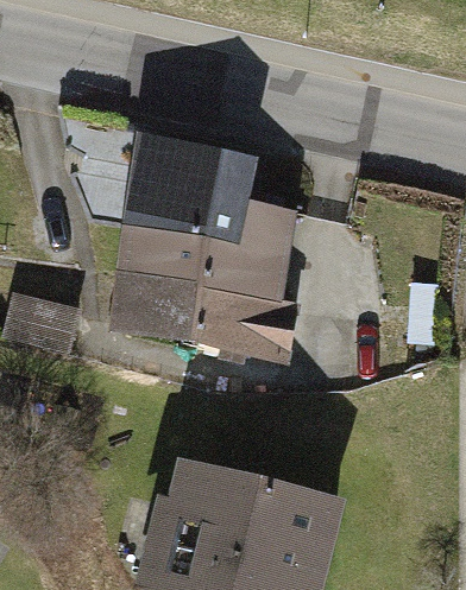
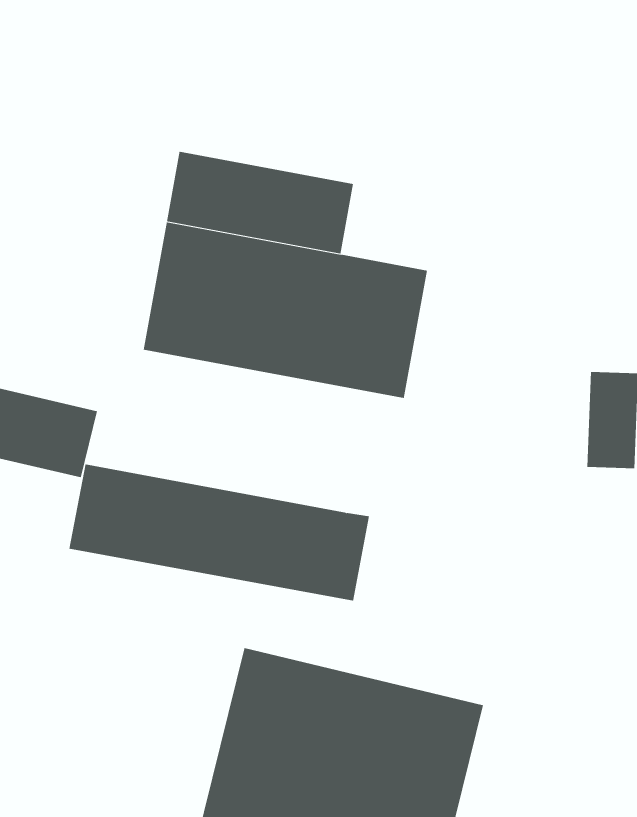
building: [102,269,301,360] -> [69,464,370,601]

